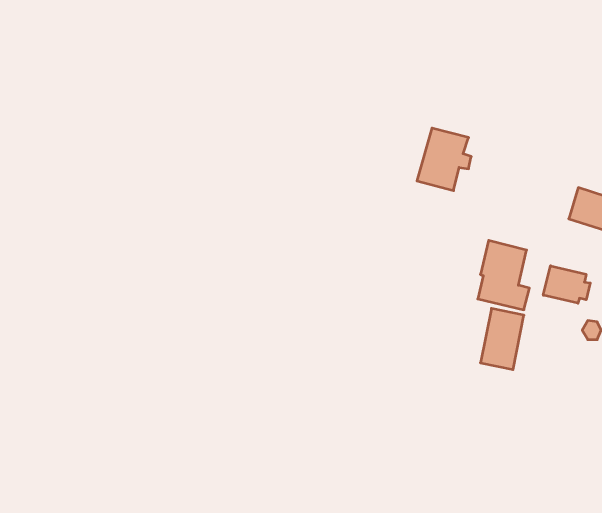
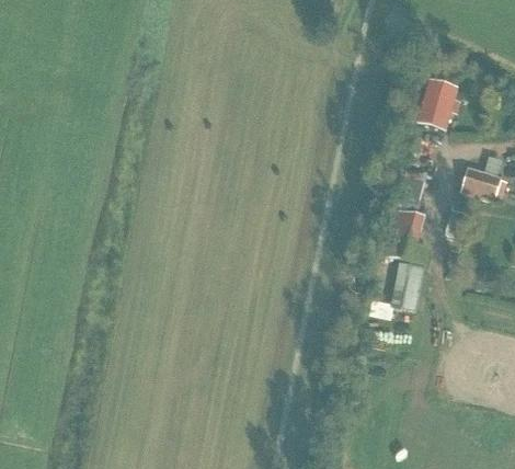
building: [417,128,471,191] -> [417,77,461,127]
building: [543,266,590,303] -> none

